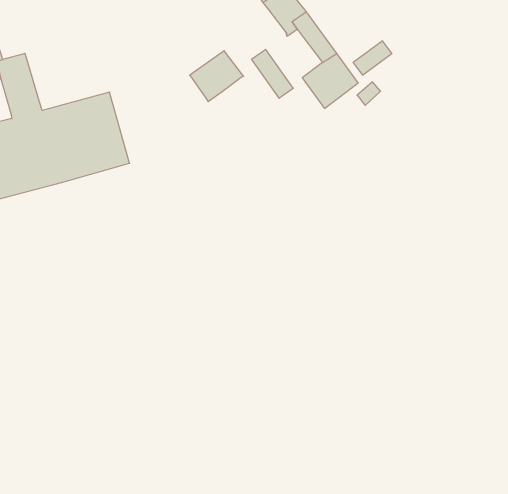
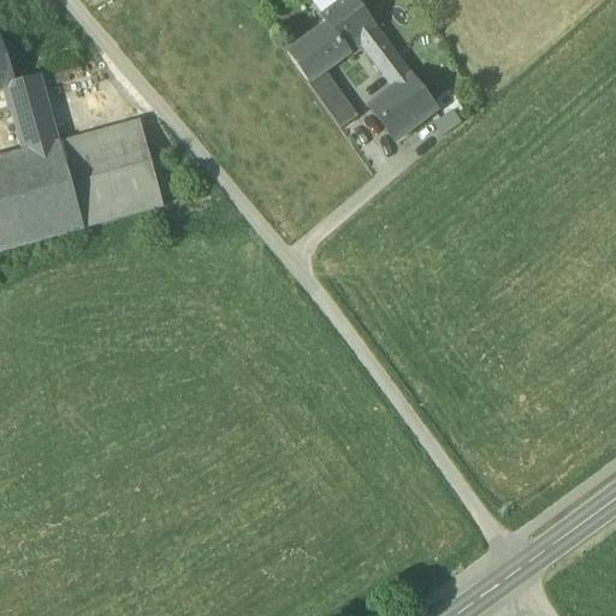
building: [353,41,392,75] -> none
building: [190,51,244,102] -> [286,19,350,79]

